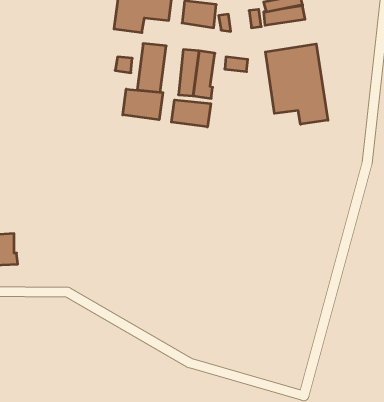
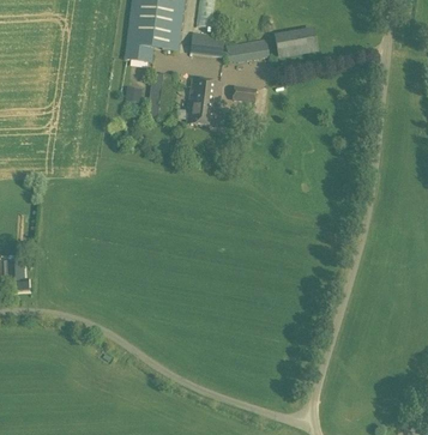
building: [265,44,328,124] -> none
building: [123,89,163,120] -> none
building: [171,100,211,127] -> none

